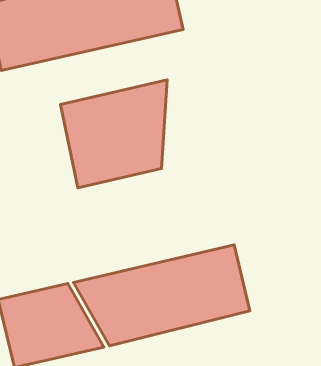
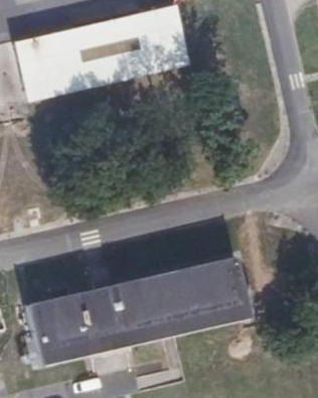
building: [60,80,167,188] -> none

